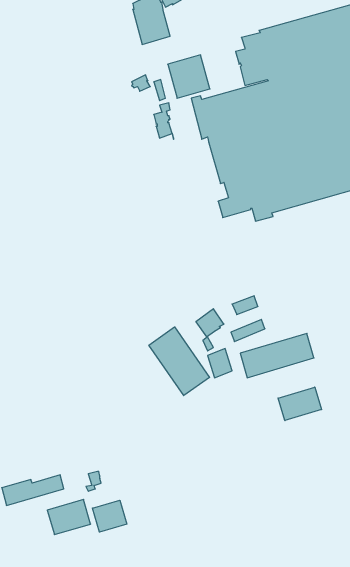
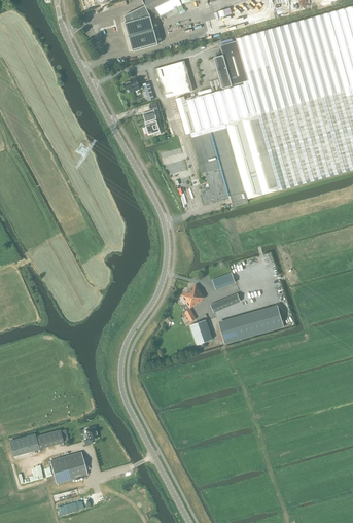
building: [149,327,210,396] -> none
building: [278,387,322,421] -> none
building: [92,500,127,532] -> none

